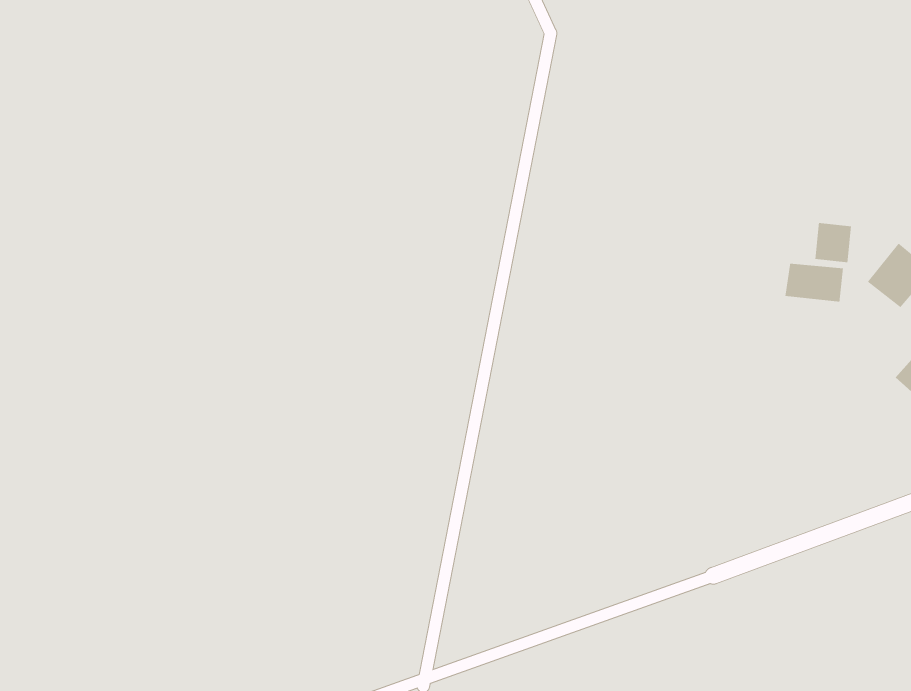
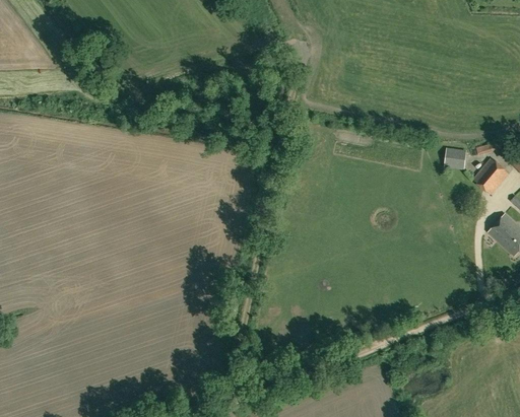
building: [784,263,844,303] -> none

